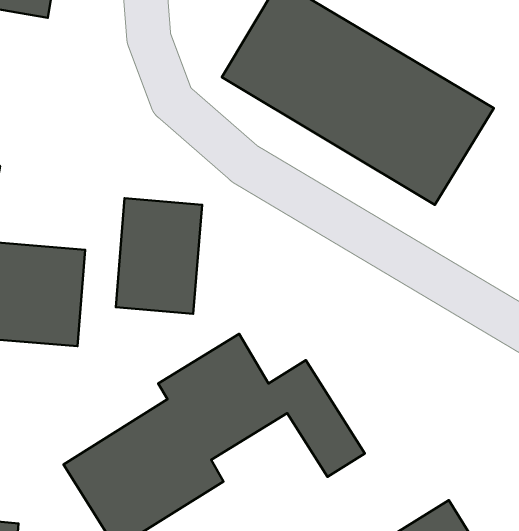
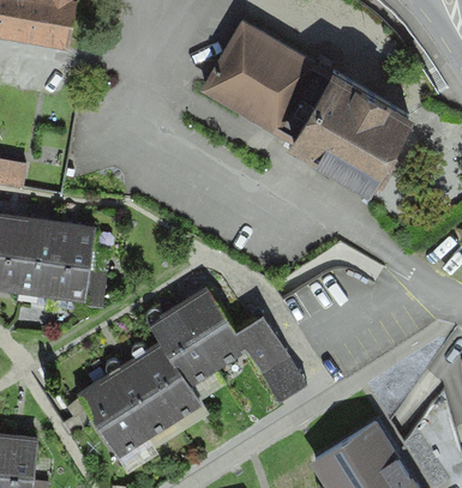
building: [116,198,202,314] -> none

